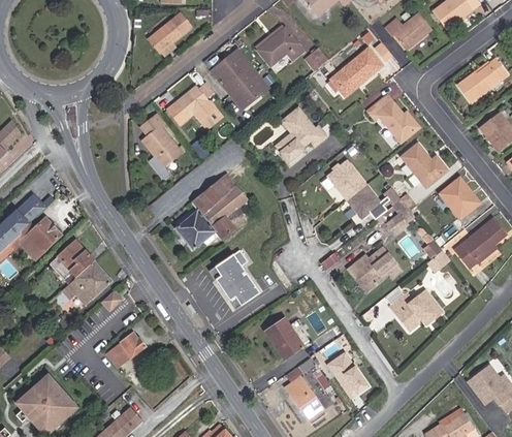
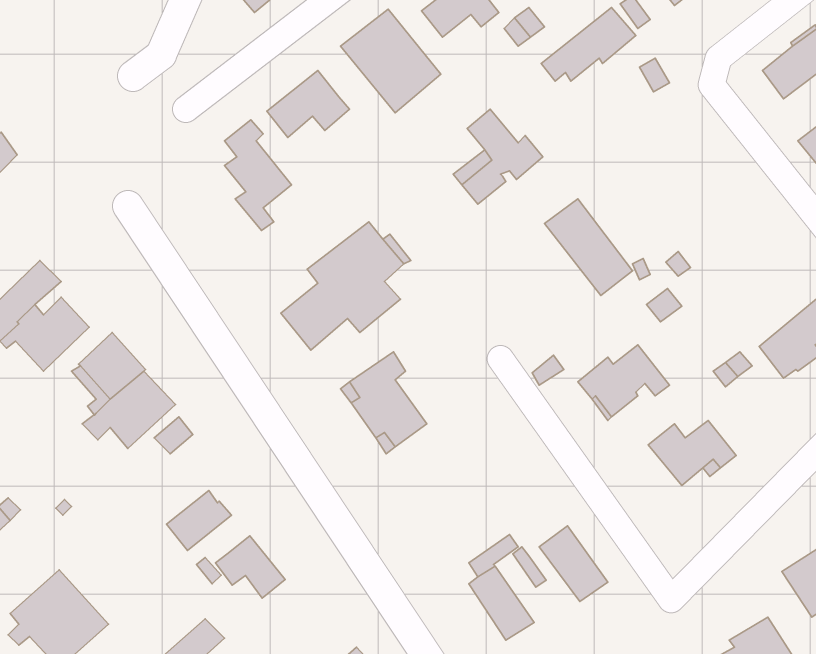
building: [369,95,419,142] -> none
building: [401,143,448,187] -> none
building: [440,178,481,218] -> none
building: [264,319,302,361] -> none
building: none -> [215,536,285,598]

